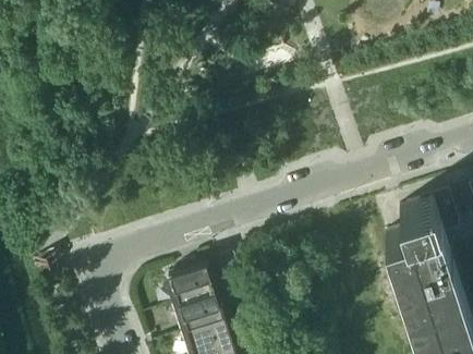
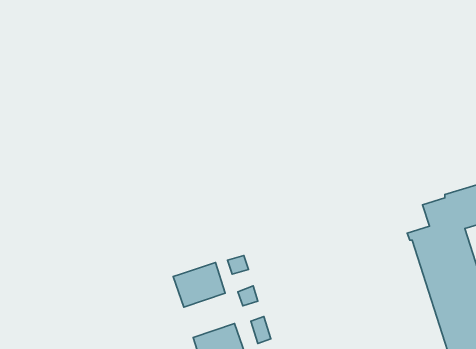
building: [175,294,222,335] -> none

